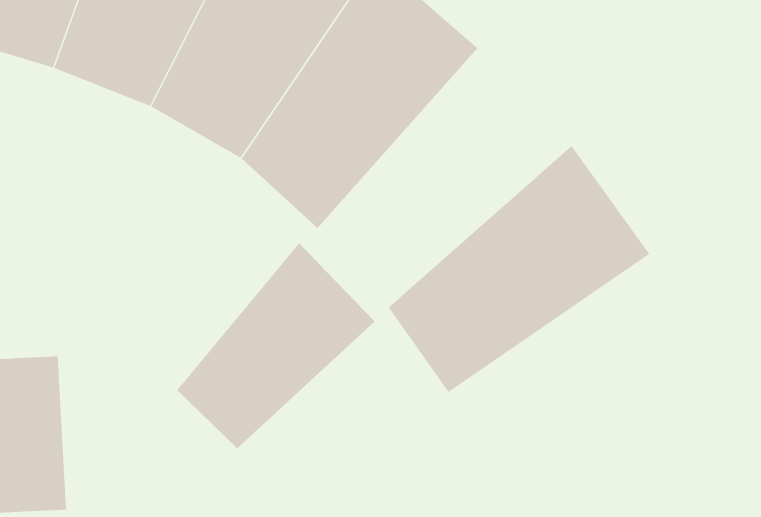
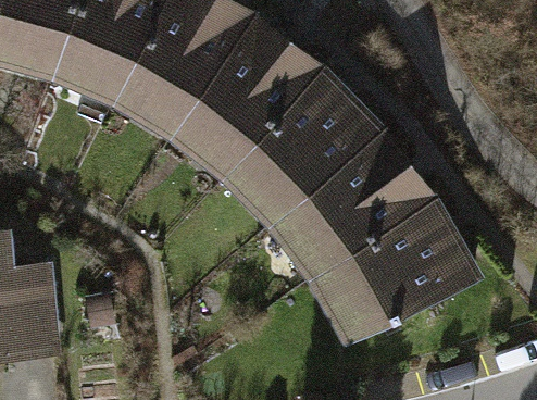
building: none -> [223,64,388,233]
building: [177,242,375,449] -> none
building: none -> [308,198,484,350]

